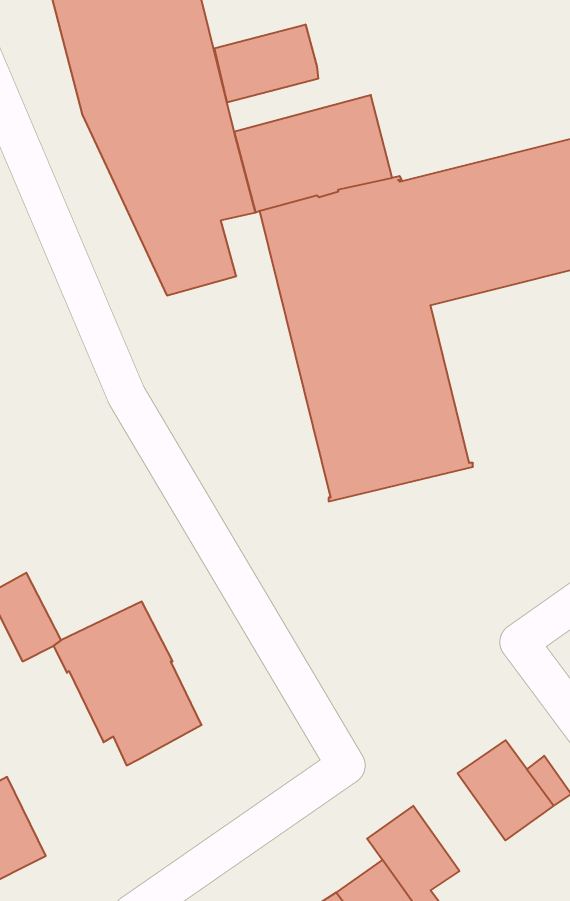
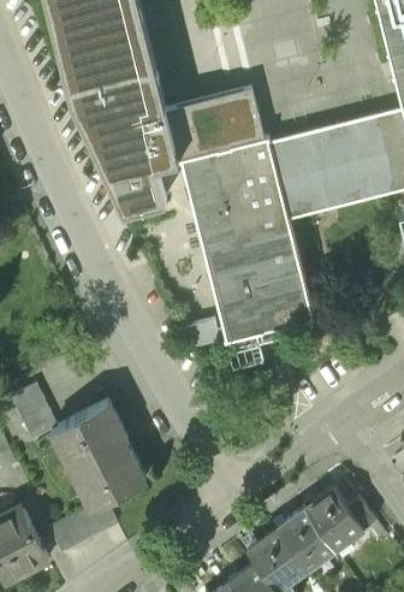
building: [214,24,318,103] -> none
building: none -> [48,502,117,556]
building: none -> [277,510,334,572]

